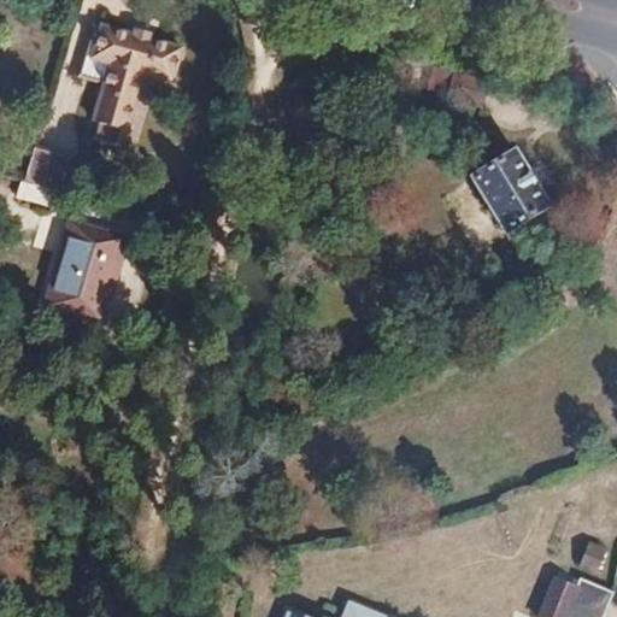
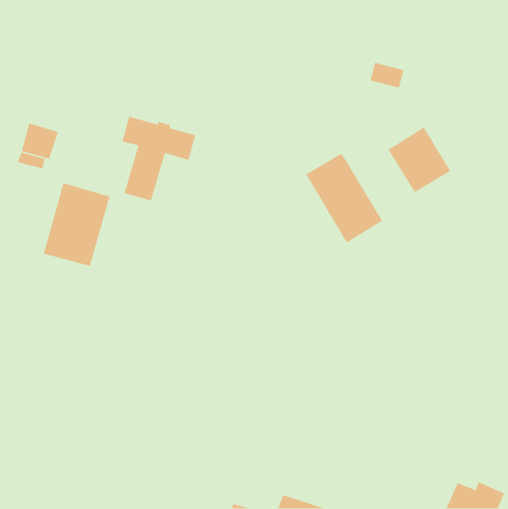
building: [90,28,181,131] -> [122,116,196,202]
building: none -> [305,153,383,243]

